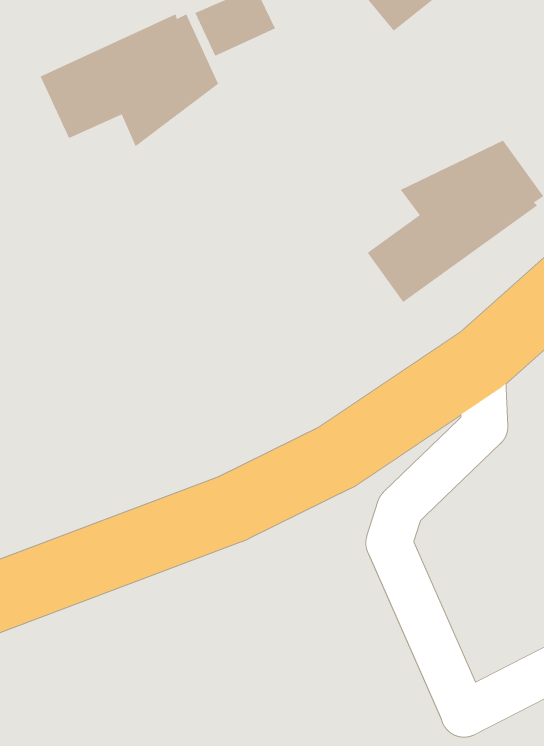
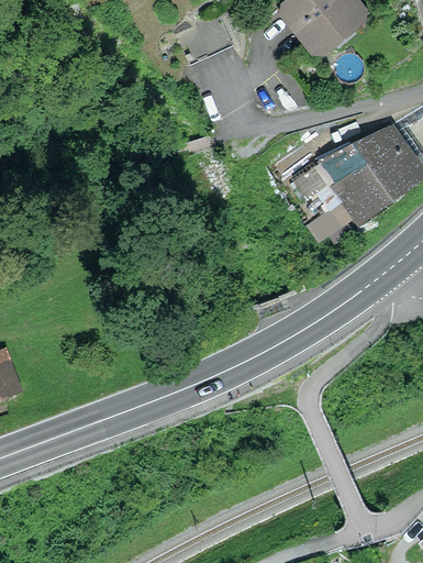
building: [40,13,219,147] -> none

